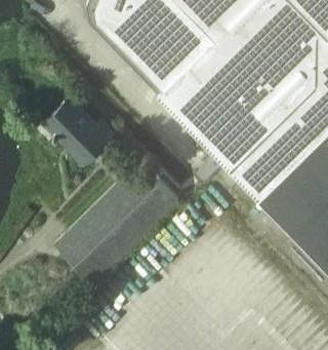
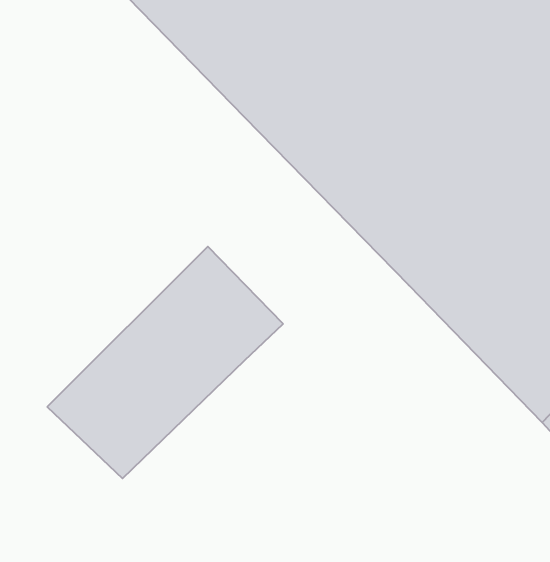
building: [43,95,117,163] -> none

